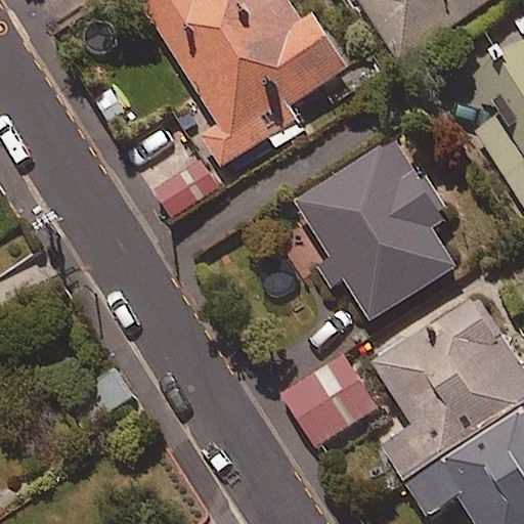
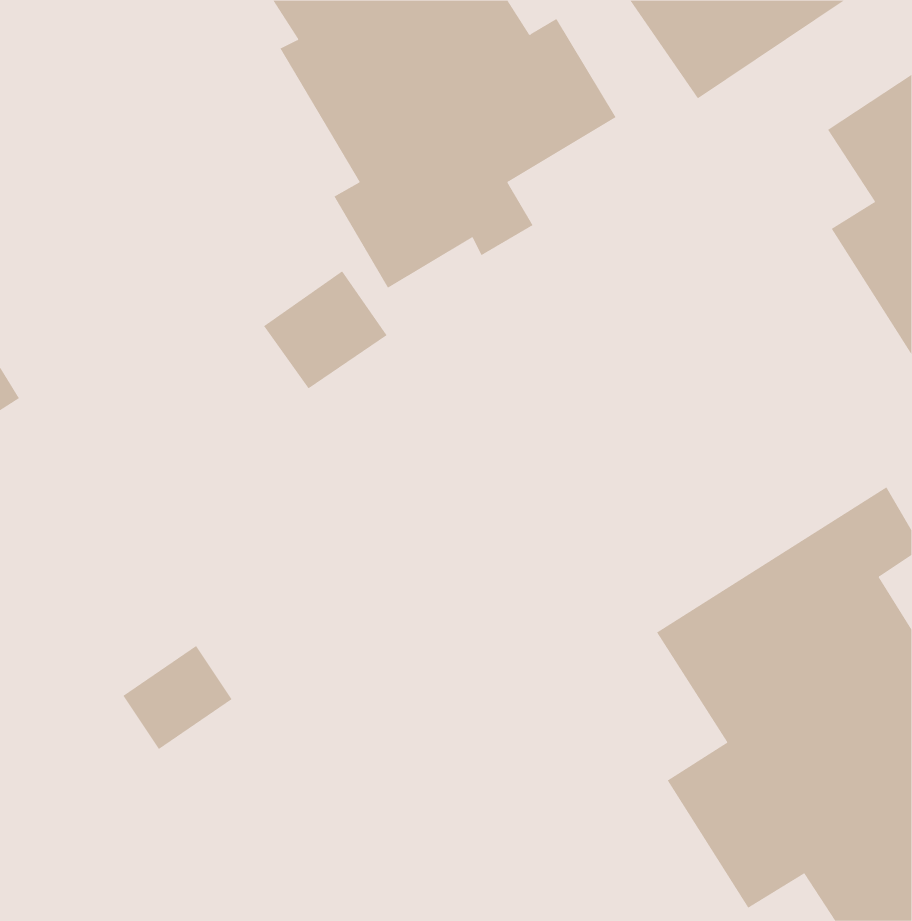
building: [297,138,456,319] -> none
building: [280,355,376,447] -> none

